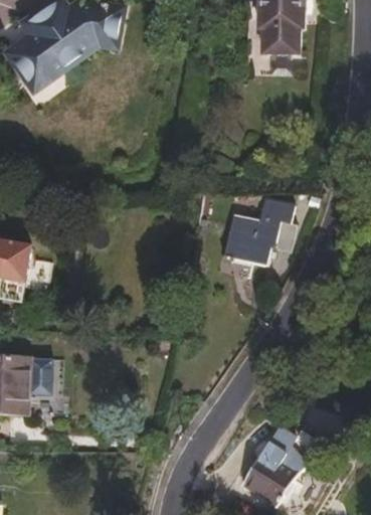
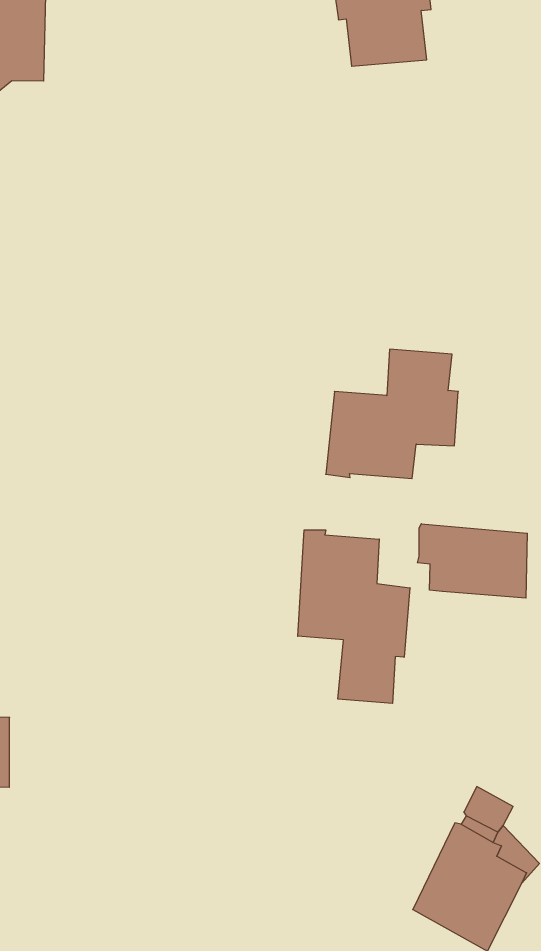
building: none -> [298,530,410,703]
building: none -> [417,524,527,598]

